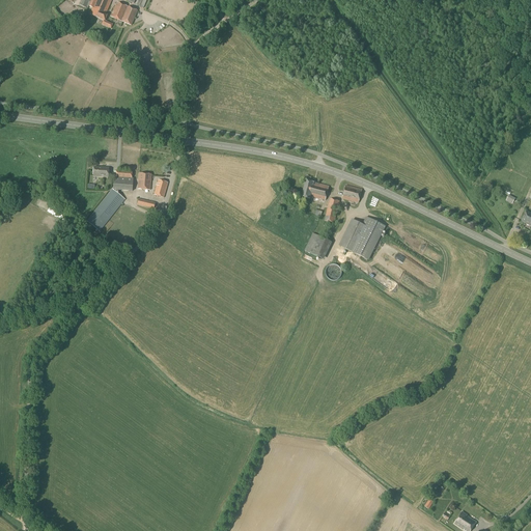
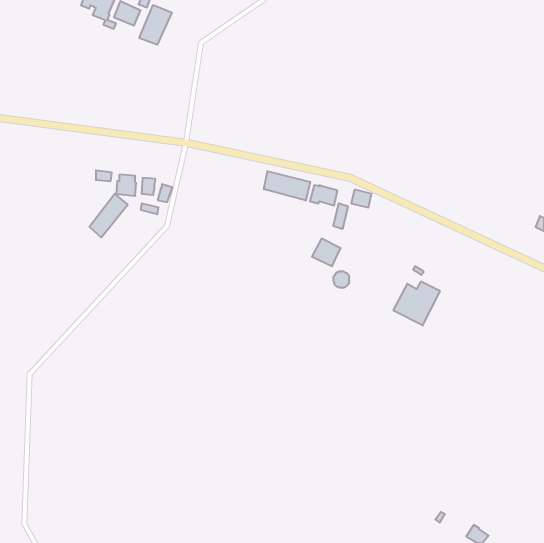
building: none -> [139,5,172,45]
building: none -> [264,171,310,201]
building: [339,217,385,259] -> [393,282,440,325]

